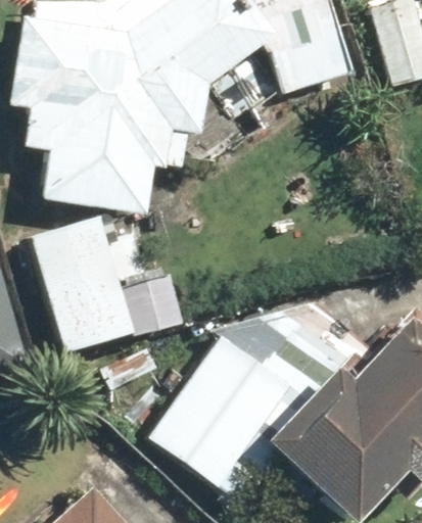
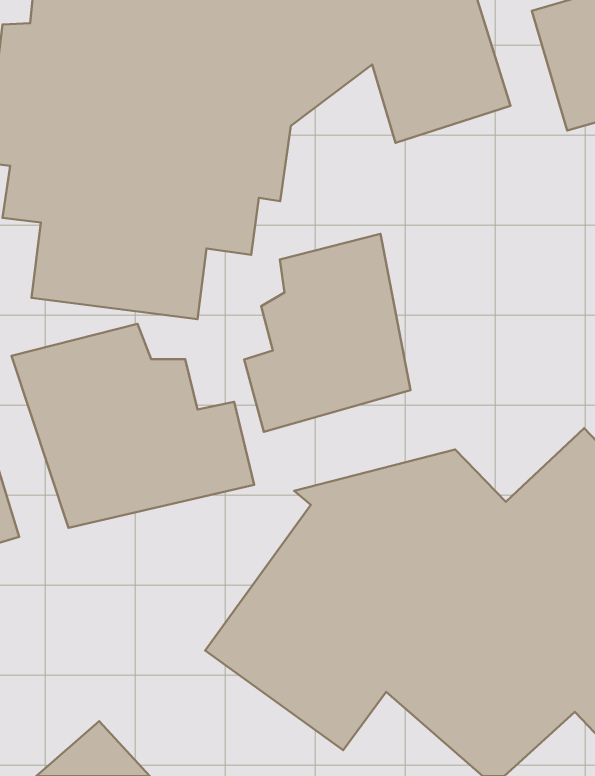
building: none -> [244,234,410,432]

